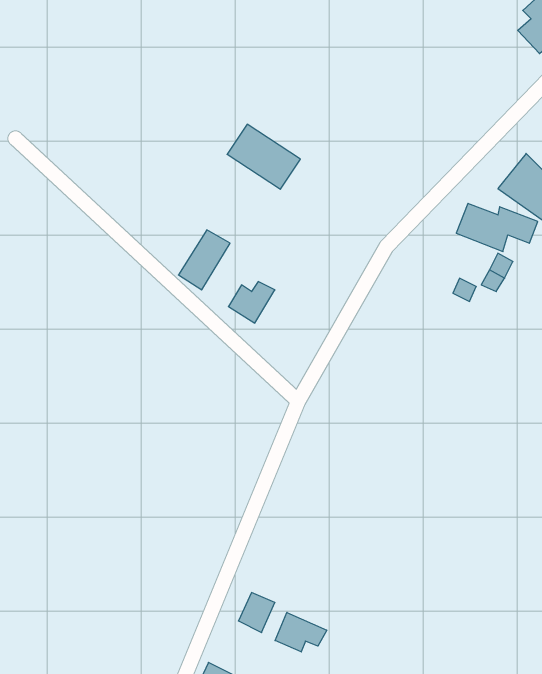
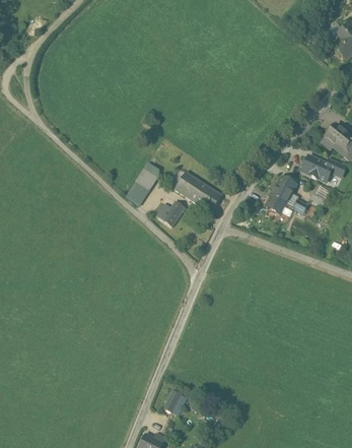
building: [227,124,300,189] -> [177,173,221,212]
building: none -> [268,176,298,214]
building: [275,612,327,652] -> none

